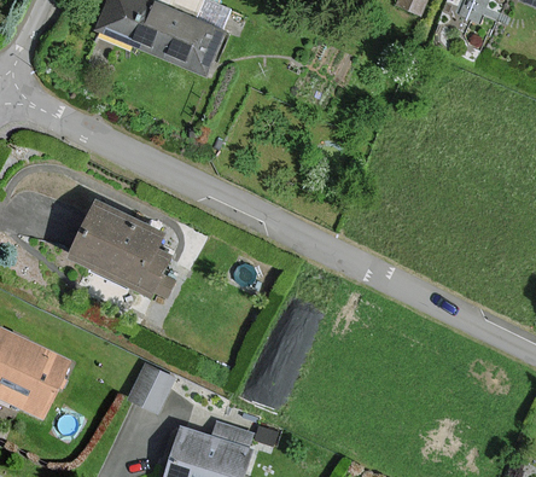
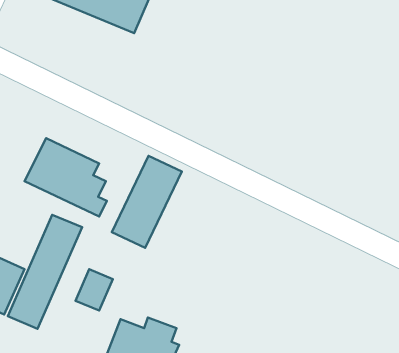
building: none -> [112,156,182,248]
building: none -> [8,215,82,329]

